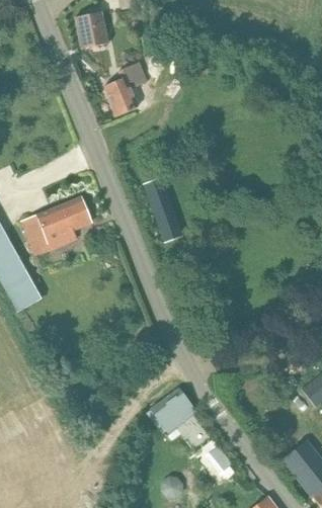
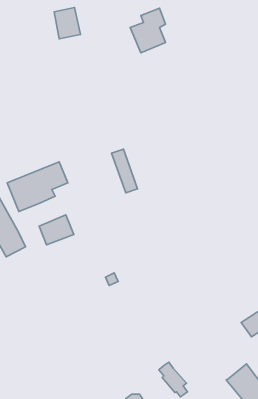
building: [104,63,147,116] -> [130,8,165,53]
building: none -> [39,215,74,245]
building: [153,390,194,430] -> none

